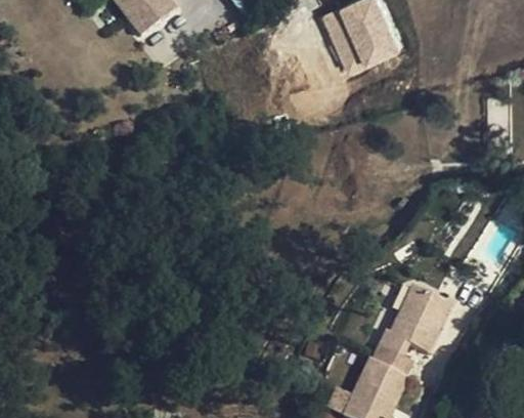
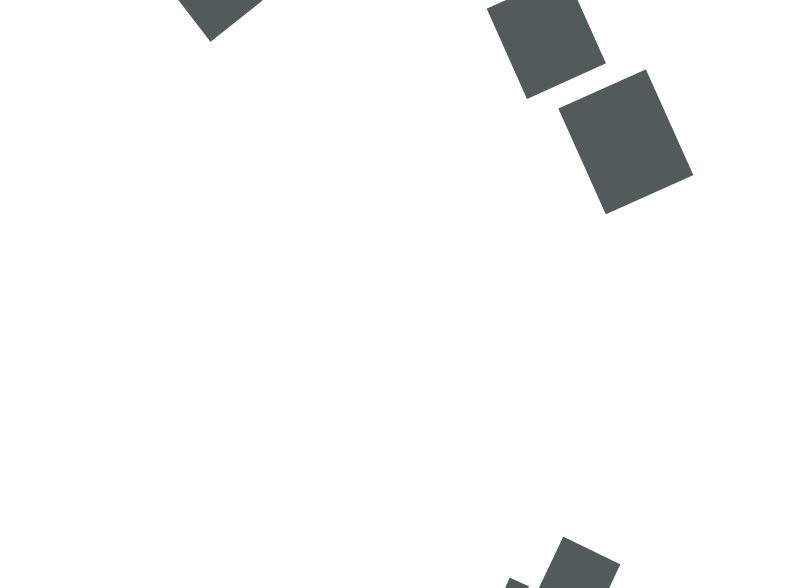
building: none -> [557,69,694,215]
building: [379,287,451,359] -> none

